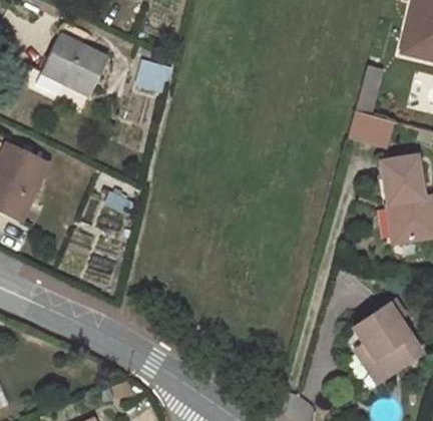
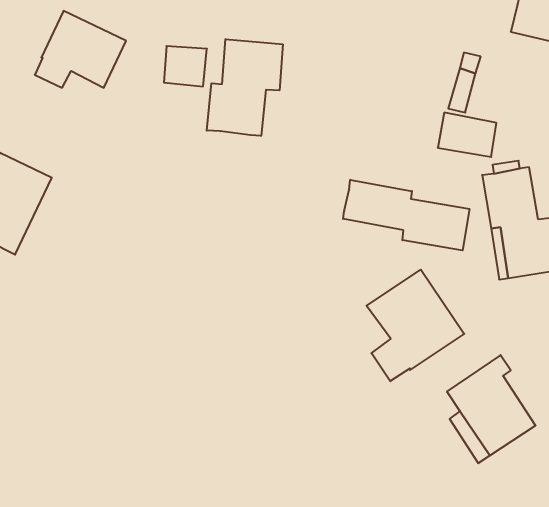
building: none -> [207,39,283,136]
building: none -> [343,180,469,250]
building: none -> [367,270,464,381]

